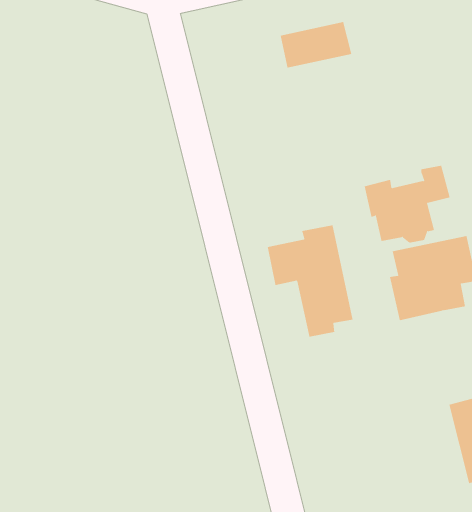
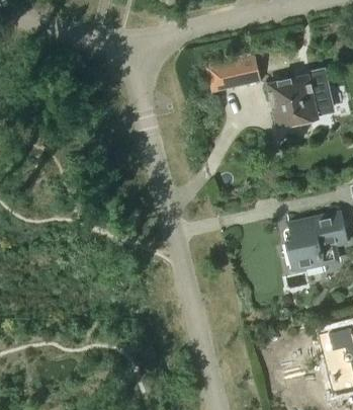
building: [364,165,450,243] -> [267,69,329,125]
building: [267,224,353,338] -> none

